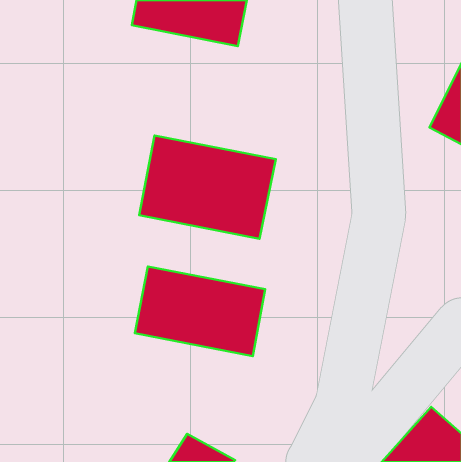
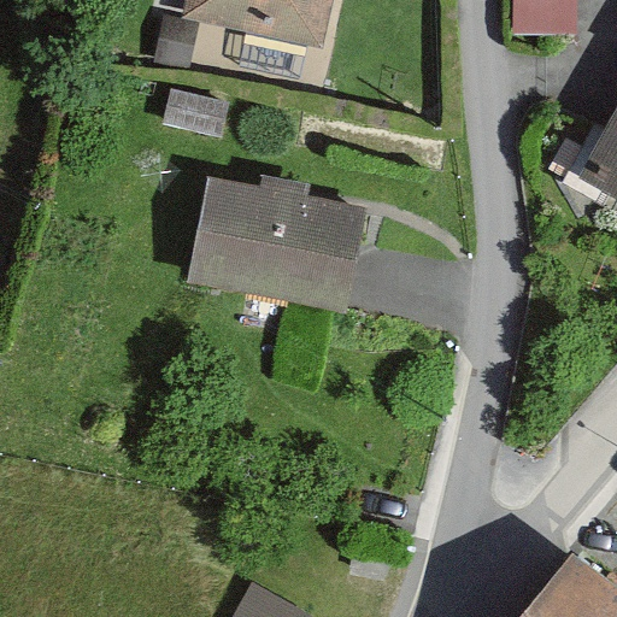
building: [135,267,265,356] -> none

